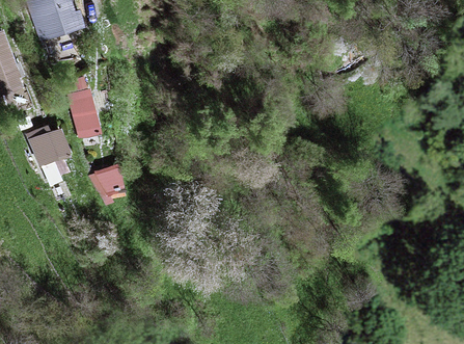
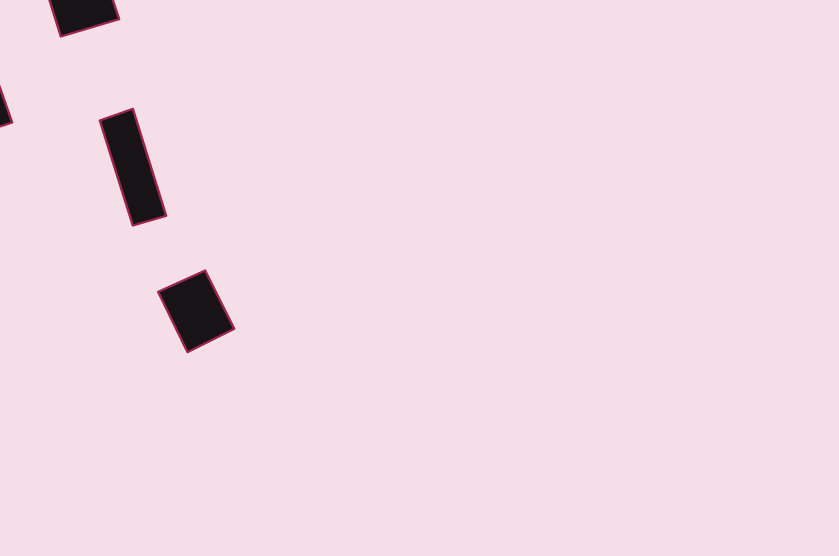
building: [27,125,66,164] -> none

